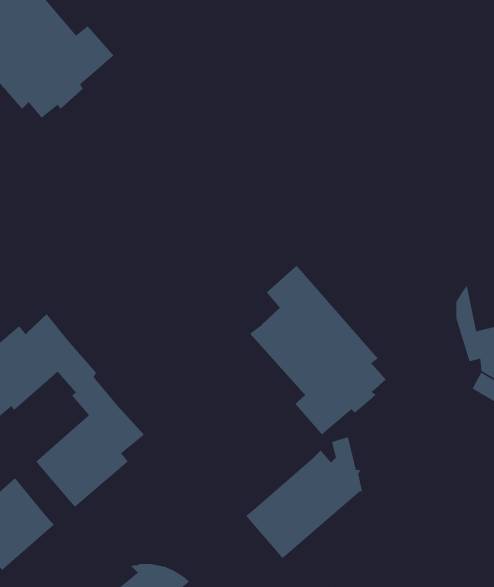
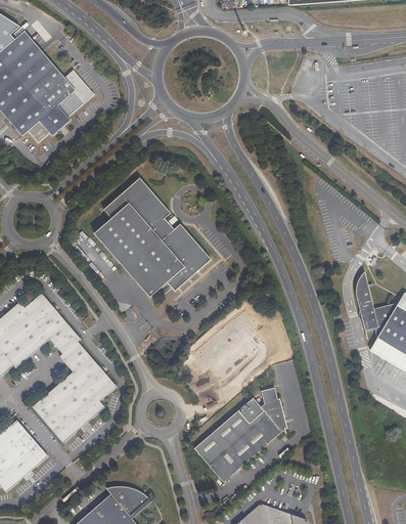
building: none -> [95,178,212,298]
building: [249,265,387,436] -> none

